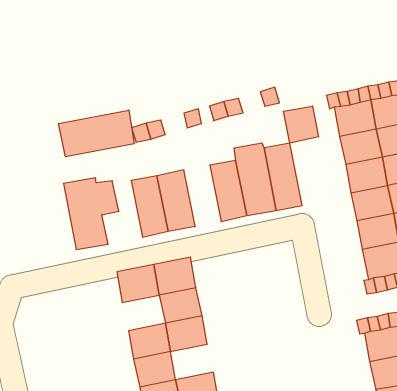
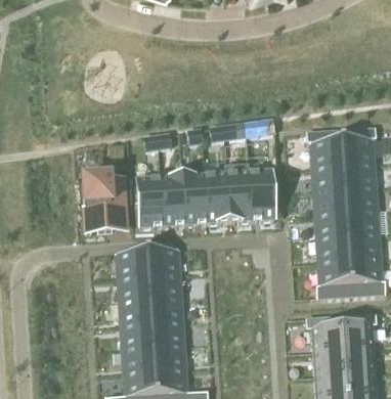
building: [283,106,319,143] -> none
building: [59,110,134,157] -> none
building: none -> [182,176,207,224]
building: none -> [118,276,150,302]
building: none -> [151,321,184,347]

